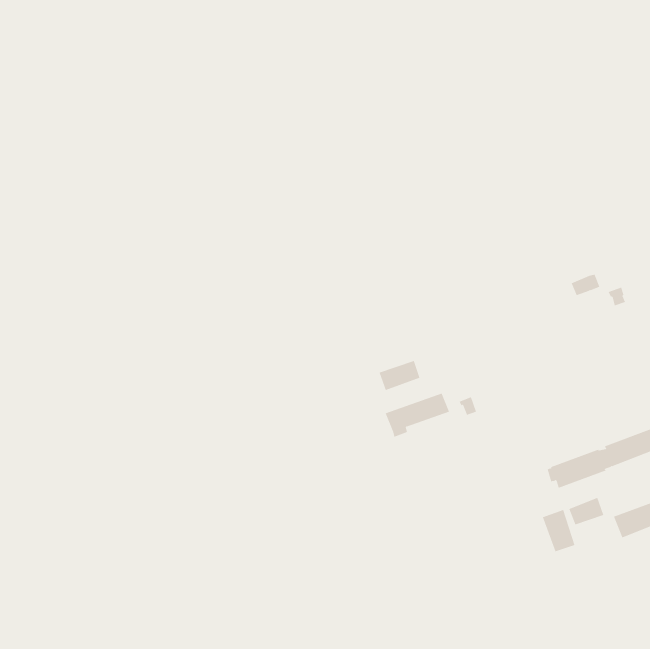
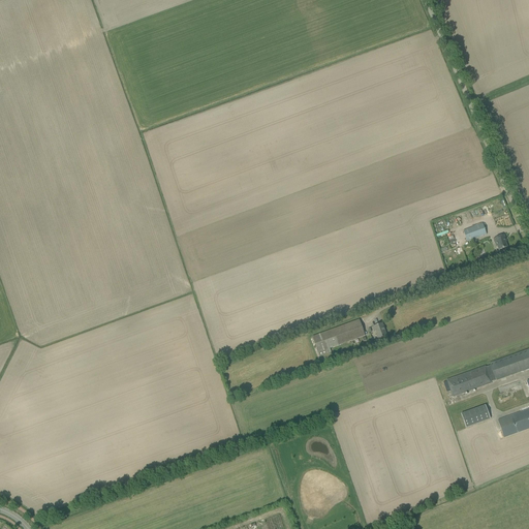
building: [379,360,420,391] -> none
building: [542,509,575,552] -> none

